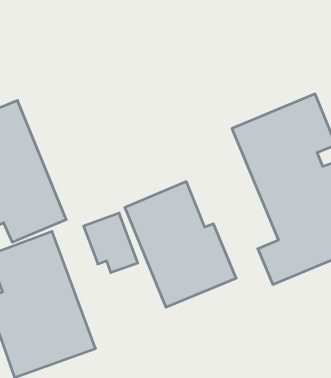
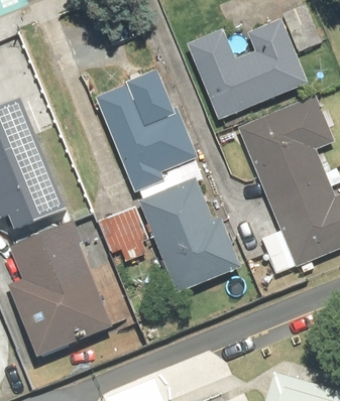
building: none -> [186,18,309,120]
building: none -> [92,68,198,191]

